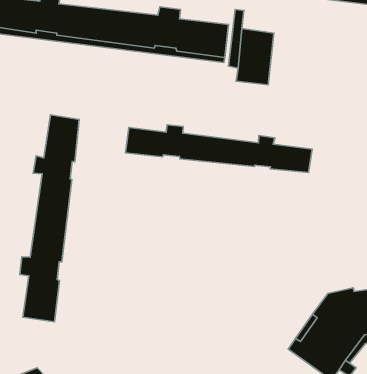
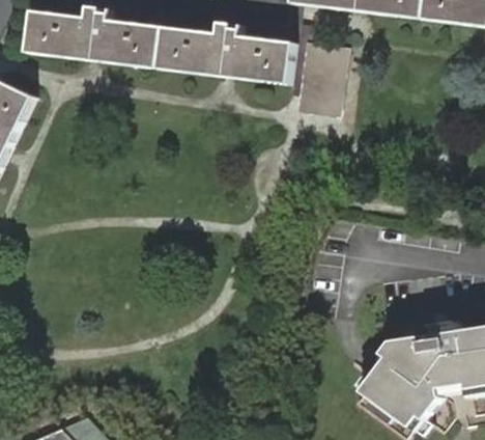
building: [20,115,79,322] -> none
building: [125,125,312,172] -> none

